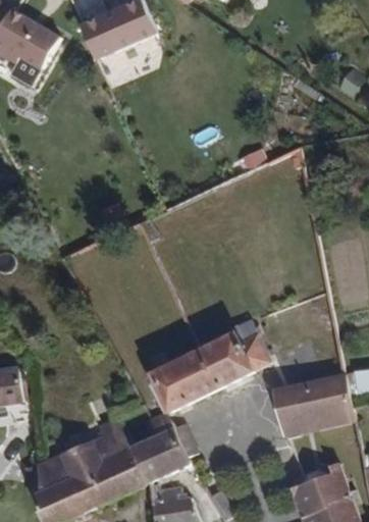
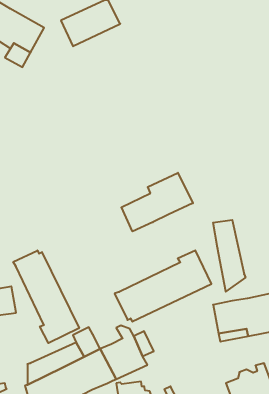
building: none -> [121,173,193,231]
building: none -> [213,220,245,292]
building: none -> [13,250,79,343]

